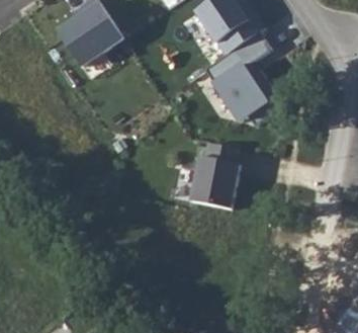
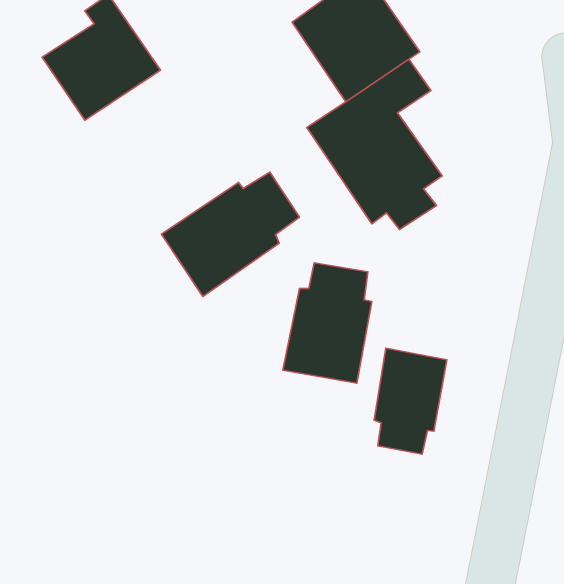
building: none -> [162,172,300,297]
building: none -> [374,348,447,454]

